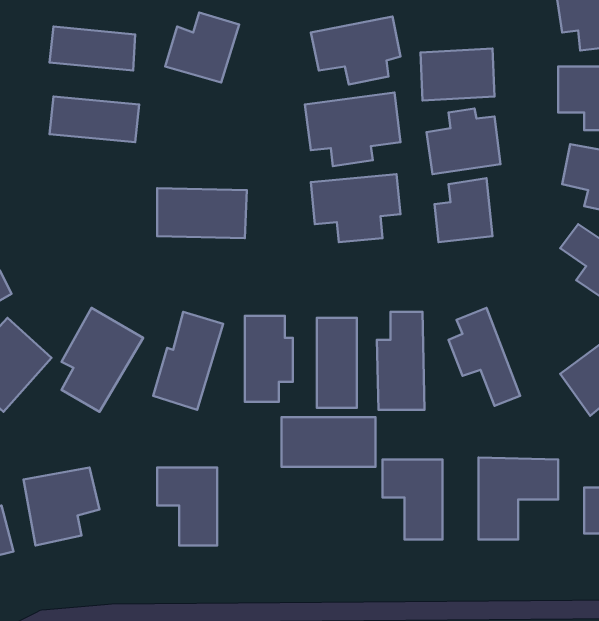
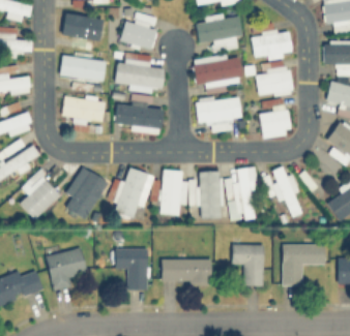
building: none -> [116,60,165,92]
building: none -> [62,96,105,126]
building: [282,417,375,467] -> [162,258,210,284]

